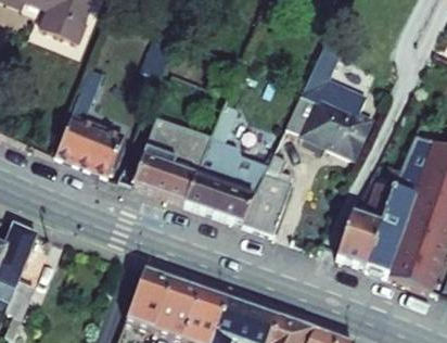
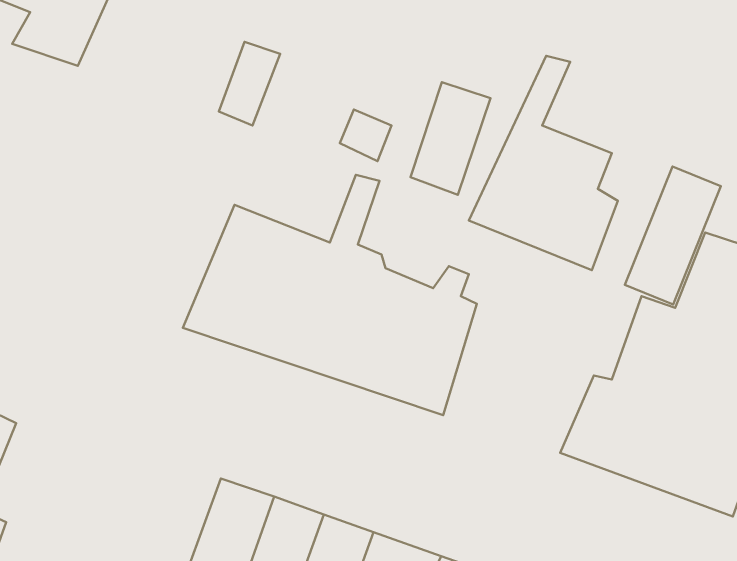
building: none -> [410,82,490,195]
building: [53,89,123,178] -> none
building: none -> [625,167,721,304]

